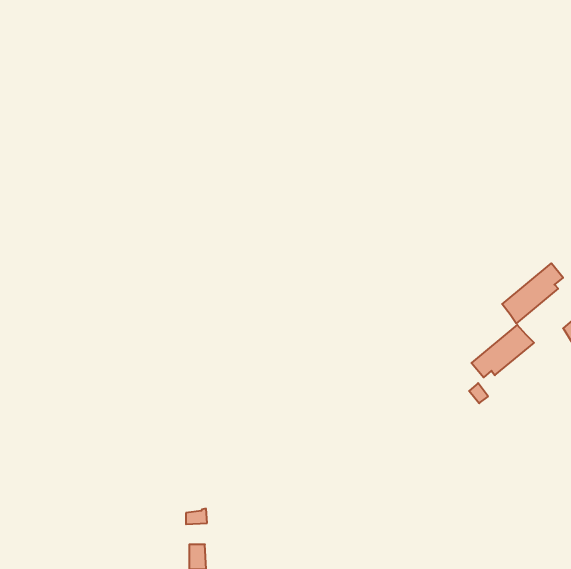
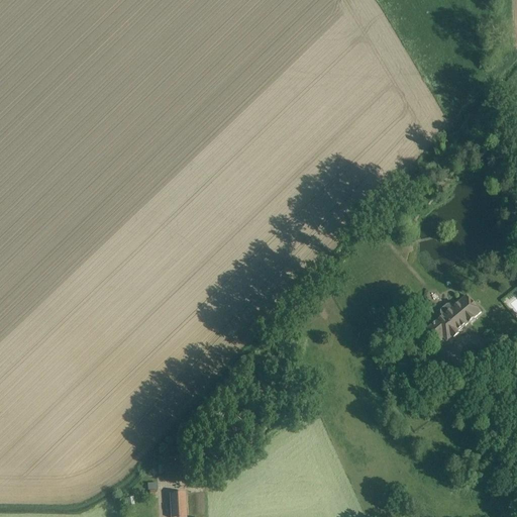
building: [502,263,563,323] -> none

